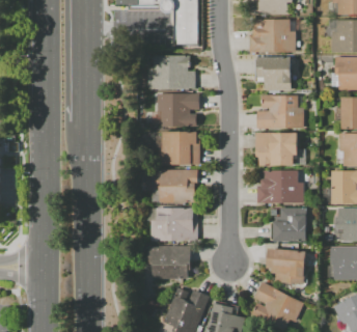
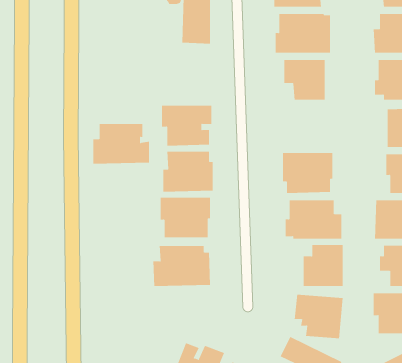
building: [147,56,194,89] -> [92,123,150,164]
building: [256,95,304,129] -> none
building: [147,246,190,279] -> none

